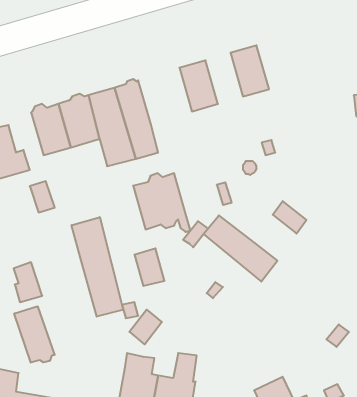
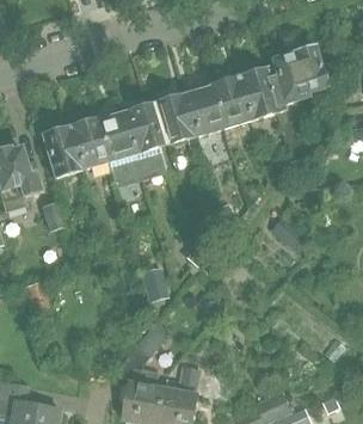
building: none -> [257,49,331,113]
building: none -> [208,79,244,128]
building: [133,173,190,232] -> [143,93,198,149]
building: [204,215,277,282] -> none
building: [72,217,123,317] -> none
building: [14,306,55,363] -> none

